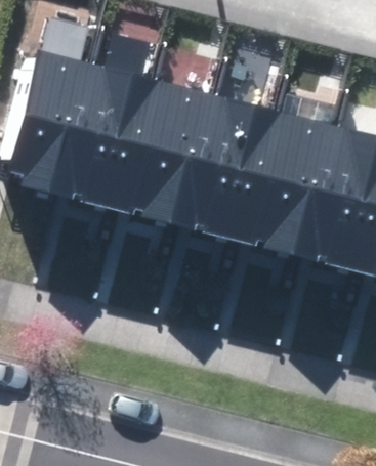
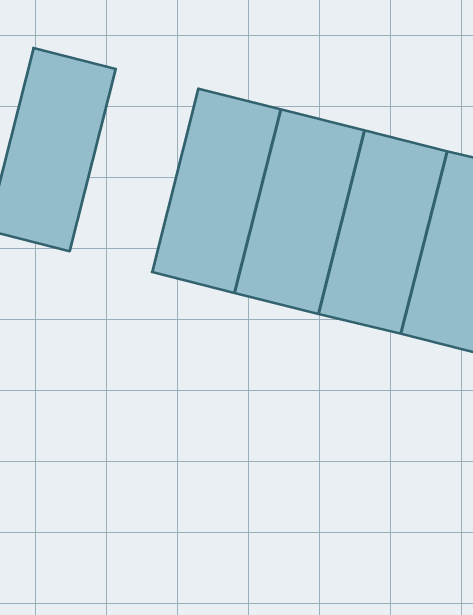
building: [68,65,162,213] -> none

